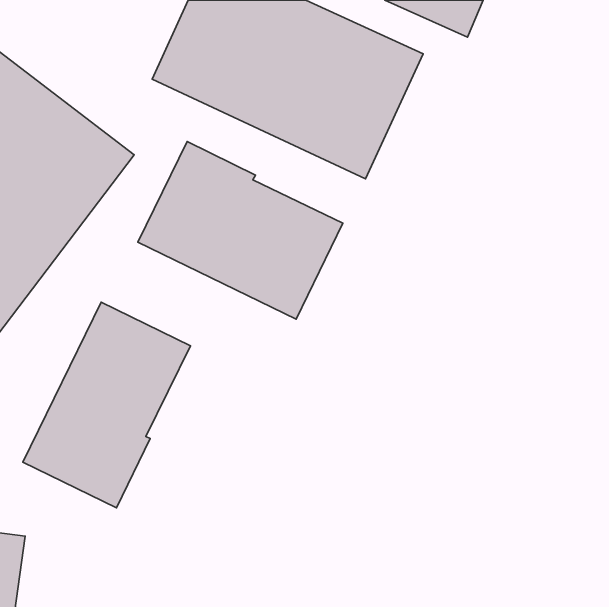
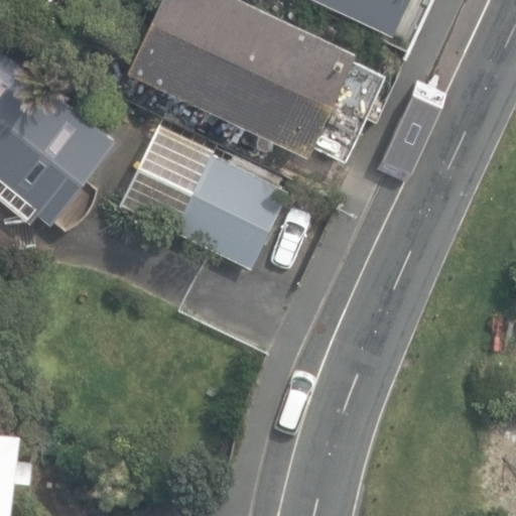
building: [23,302,191,508] -> none

